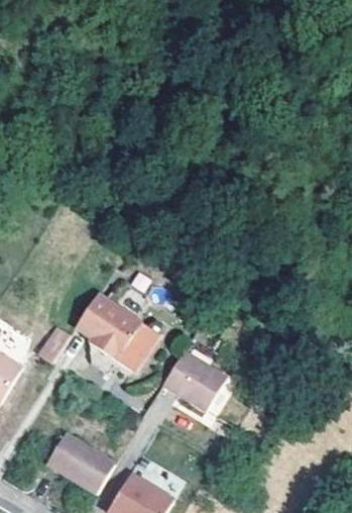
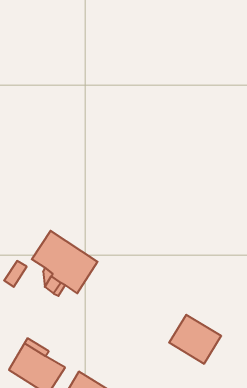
building: [166,347,231,408] -> [169,315,221,364]

